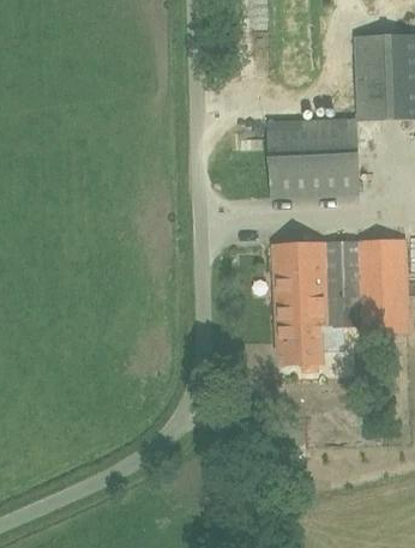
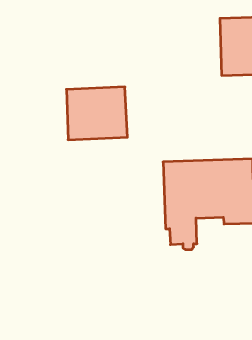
building: [267,120,356,197] -> [66,87,127,140]

